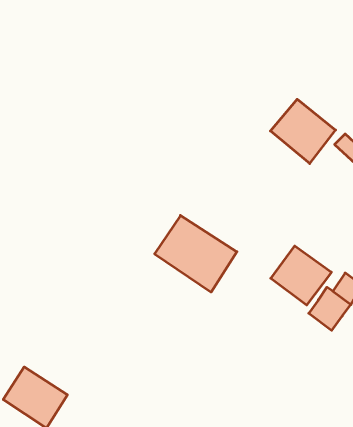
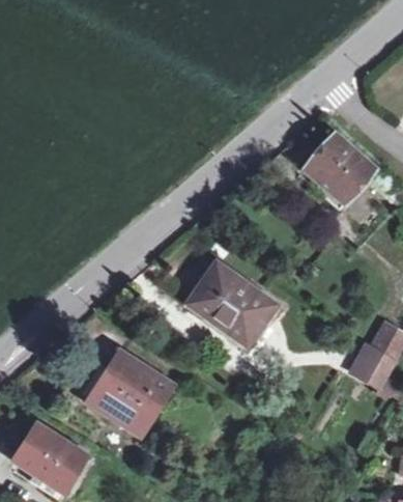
building: [271,246,331,305] -> none
building: none -> [90,351,177,434]

